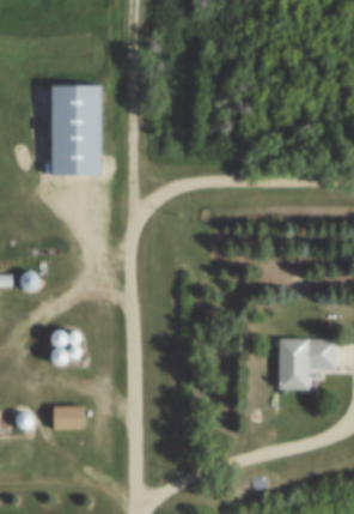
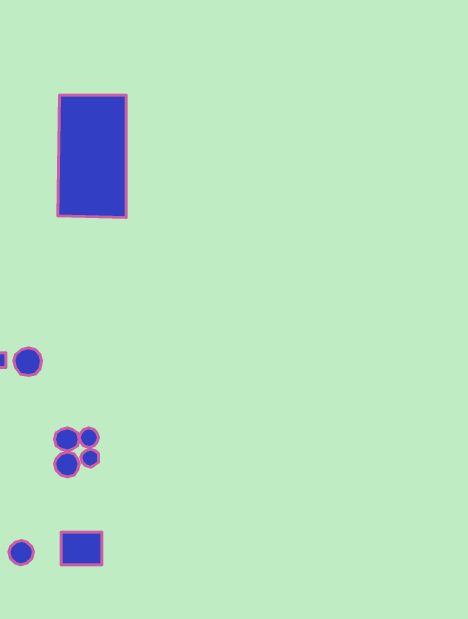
building: [280,339,336,389] -> none

